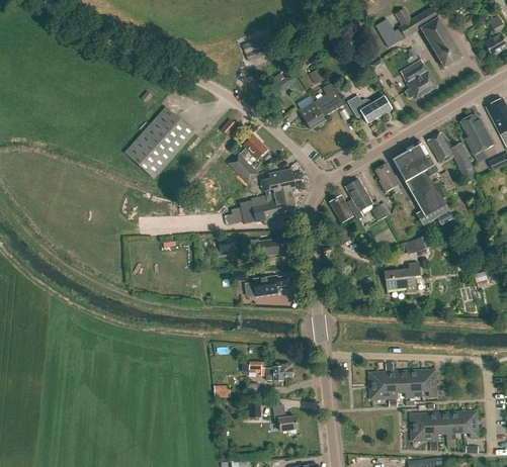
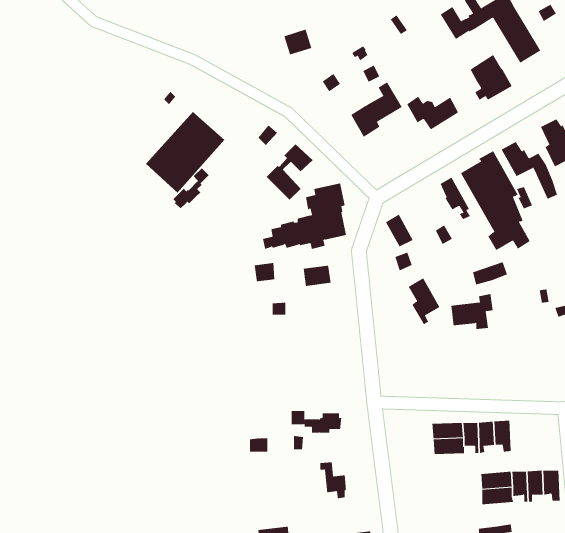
building: none -> [173,167,209,209]
building: [345,178,372,218] -> [408,277,440,325]
building: [253,275,287,296] -> none

